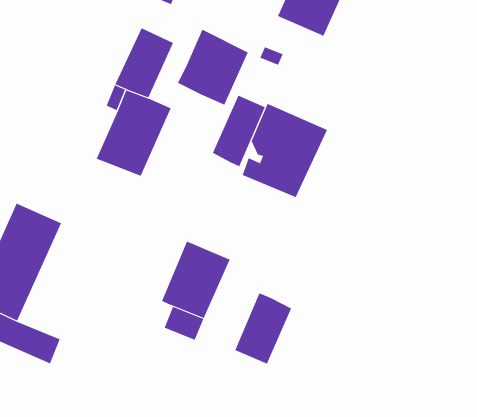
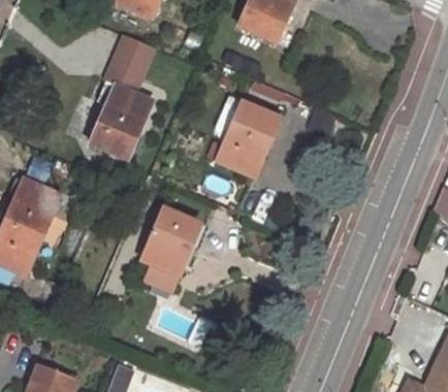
building: [177,29,248,106] -> none
building: [212,95,266,167] -> none
building: [235,292,292,364] -> none

